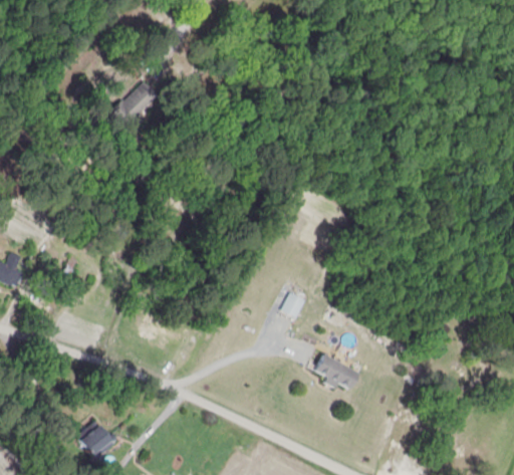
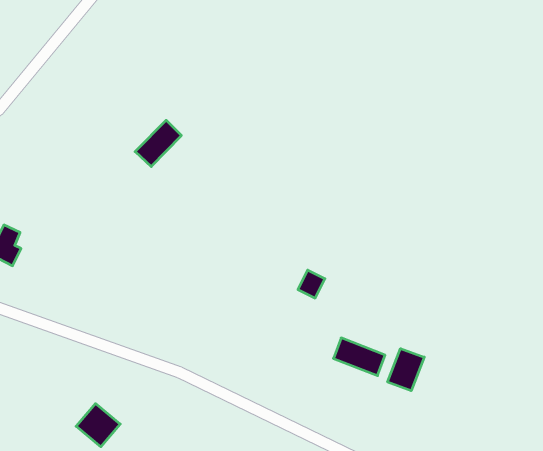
building: [113,81,157,125] -> [135,120,181,167]
building: none -> [388,349,424,391]

